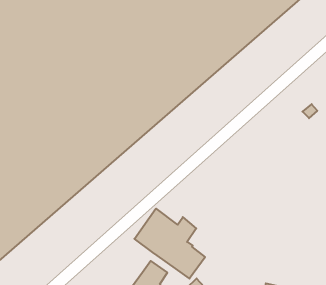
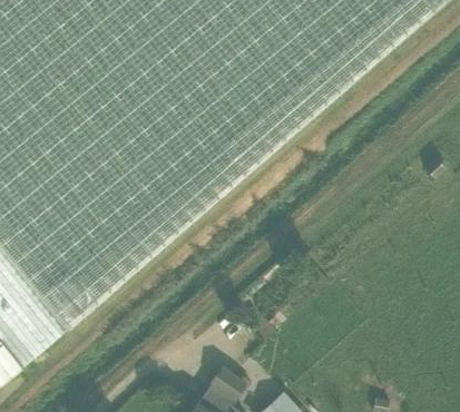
building: [134,209,205,279] -> none

